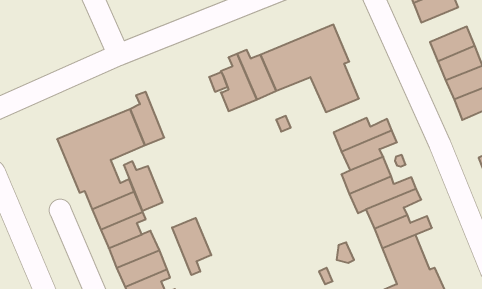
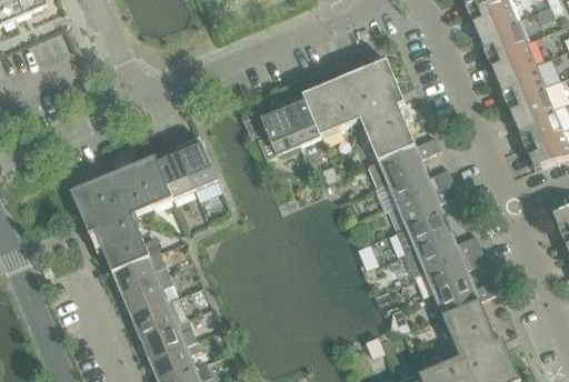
building: none -> [487,39,539,79]
building: none -> [367,135,440,187]
building: [124,161,163,211] -> [172,131,217,188]
building: [172,218,211,275] -> none

